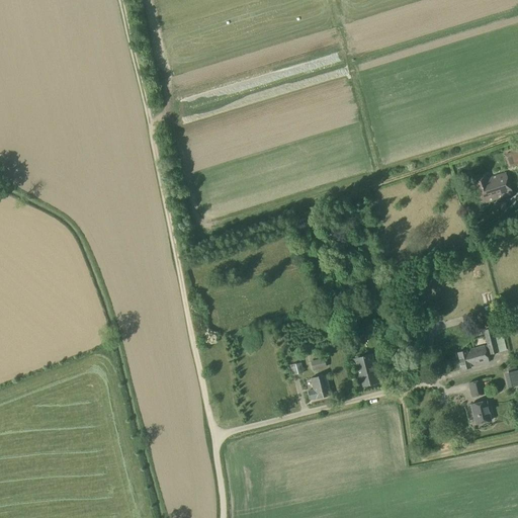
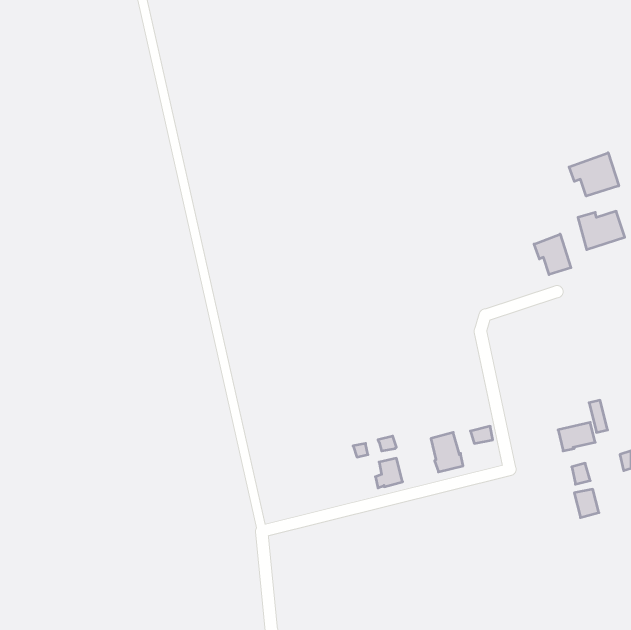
building: none -> [569,153,619,196]
building: none -> [534,234,571,275]

